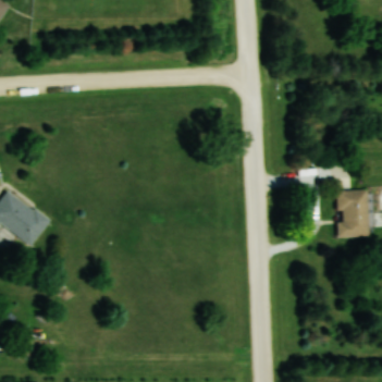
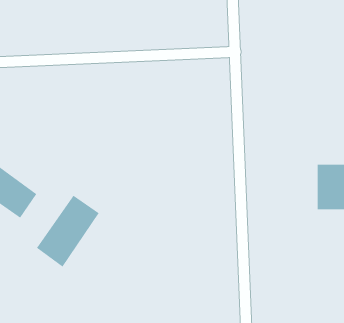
building: none -> [36,195,99,267]

